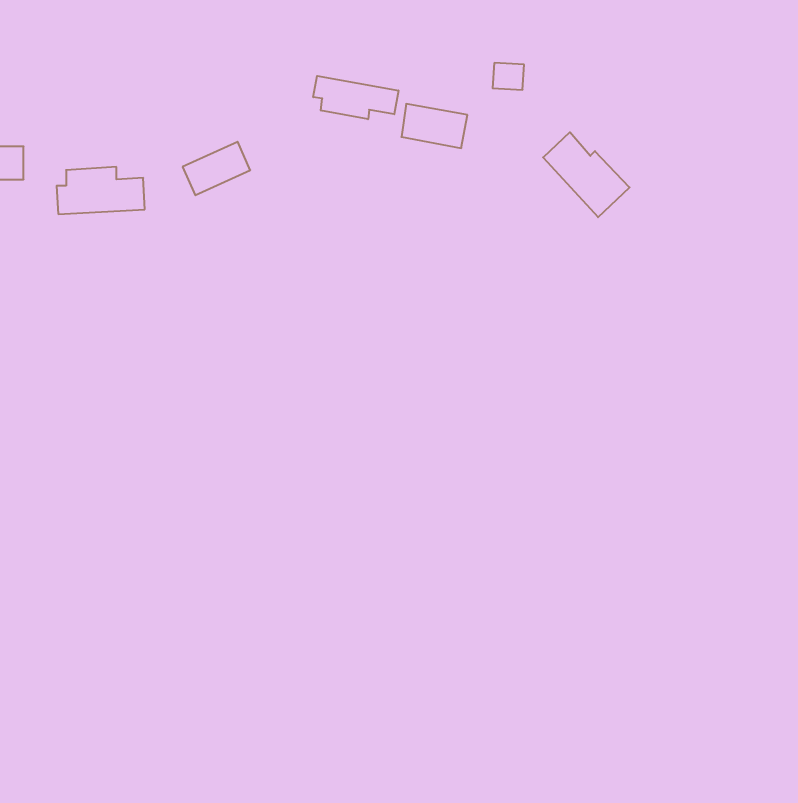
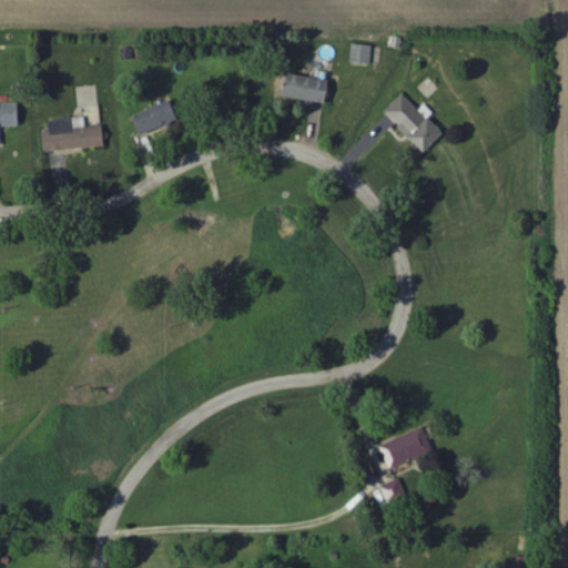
building: [313,76,398,119] -> none
building: none -> [377,427,430,468]
building: none -> [377,477,406,507]

